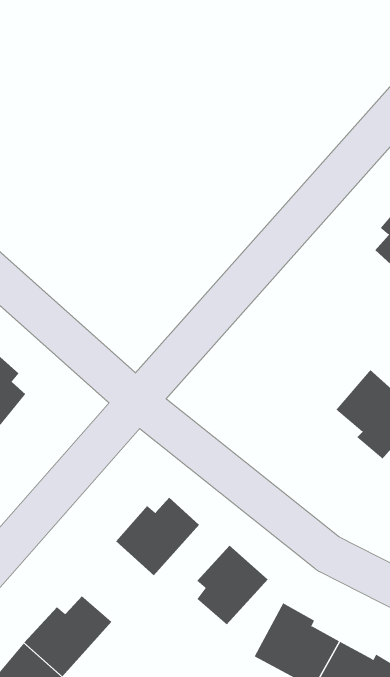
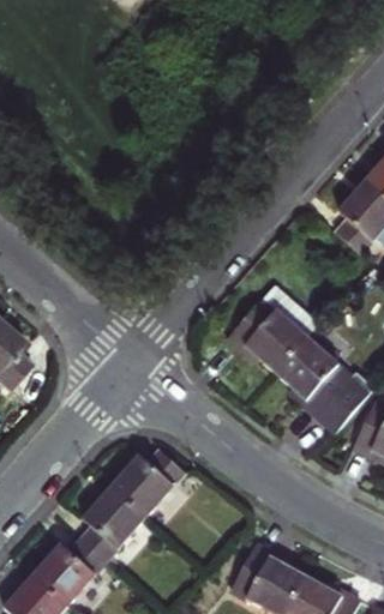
building: none -> [248,301,328,375]
building: [196,545,268,625] -> [78,489,140,559]

